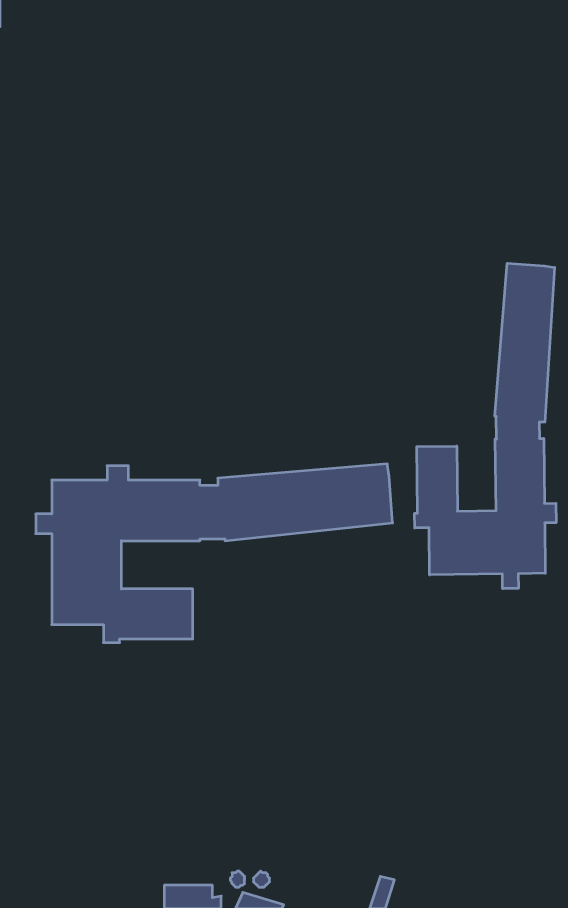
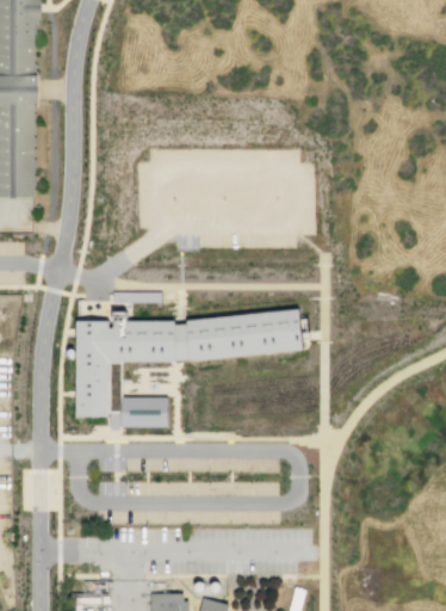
building: [415,263,556,589] -> none

